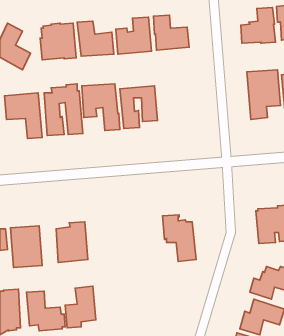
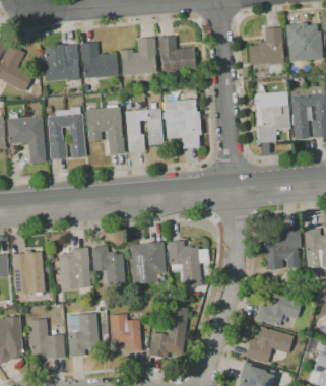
building: none -> [162,91,200,147]
building: none -> [131,241,166,283]
building: none -> [92,245,125,283]
building: none -> [149,306,188,358]
building: none -> [110,313,142,351]

